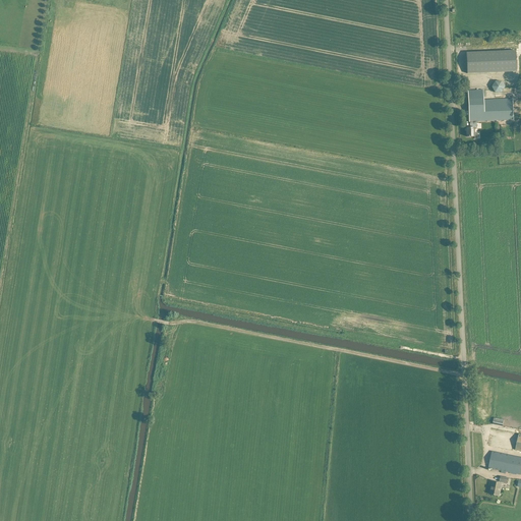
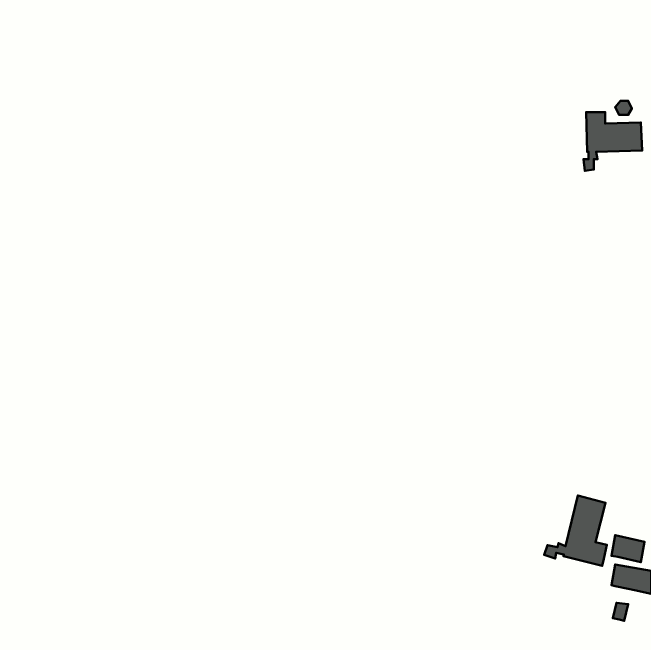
building: [466,50,516,72] -> none
building: none -> [544,495,607,566]

